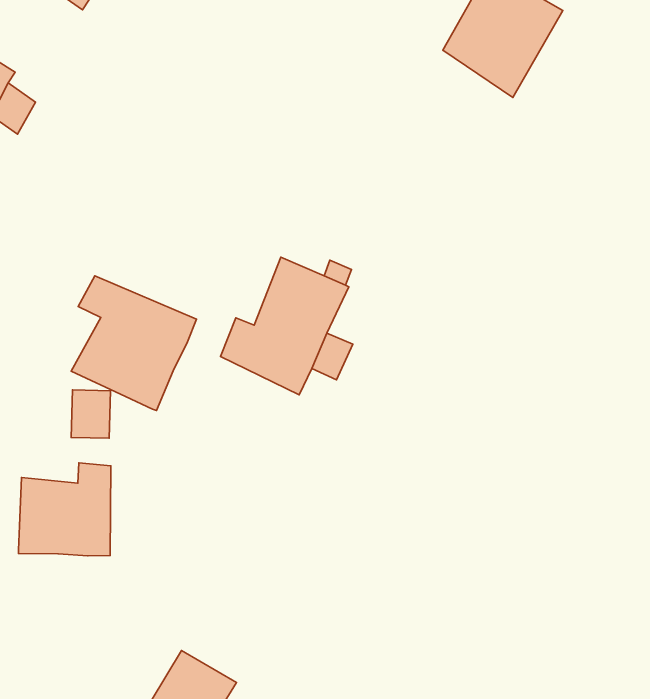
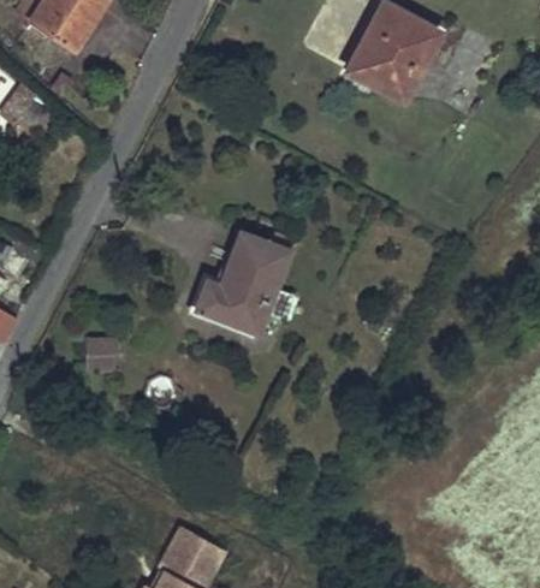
building: [71,276,197,411] -> none
building: [18,463,111,556] -> none

